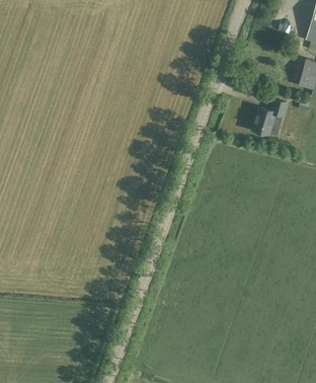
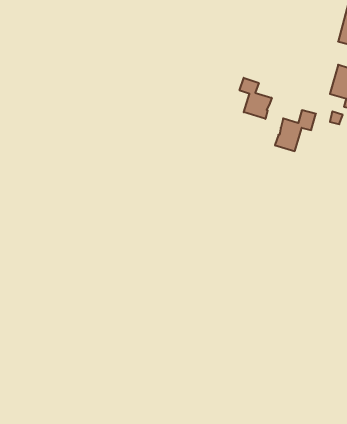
building: none -> [240,78,272,119]

